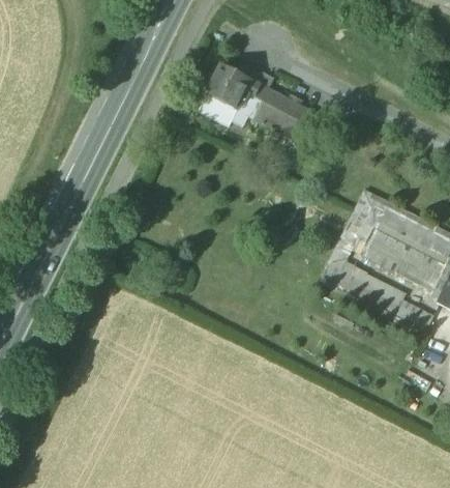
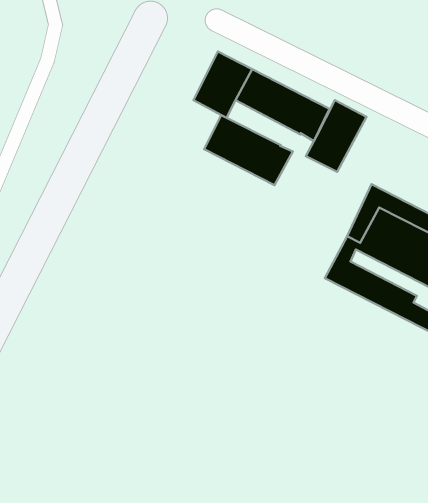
building: none -> [306,100,367,172]
building: none -> [204,115,293,185]

